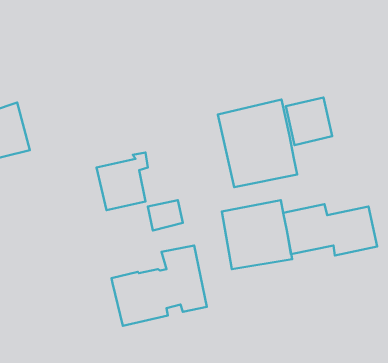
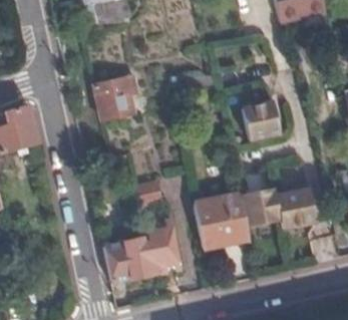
building: [218,100,297,187] -> none
building: [97,152,148,210] -> [94,72,135,118]

